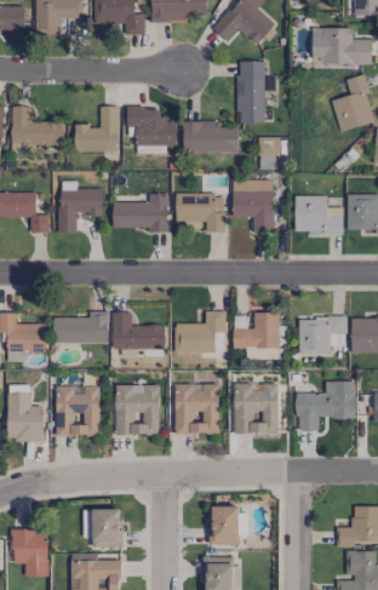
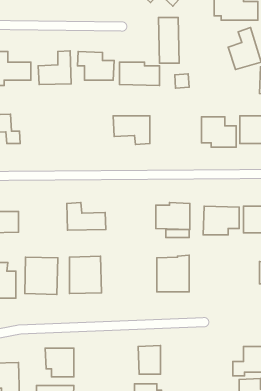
building: [59,181,103,233] -> none
building: [233,181,274,231] -> none
building: [114,194,170,233] -> none
building: [174,310,227,354] -> none
building: [53,311,109,343] -> none
building: [297,380,355,430] -> none
building: [176,383,219,434] -> none

